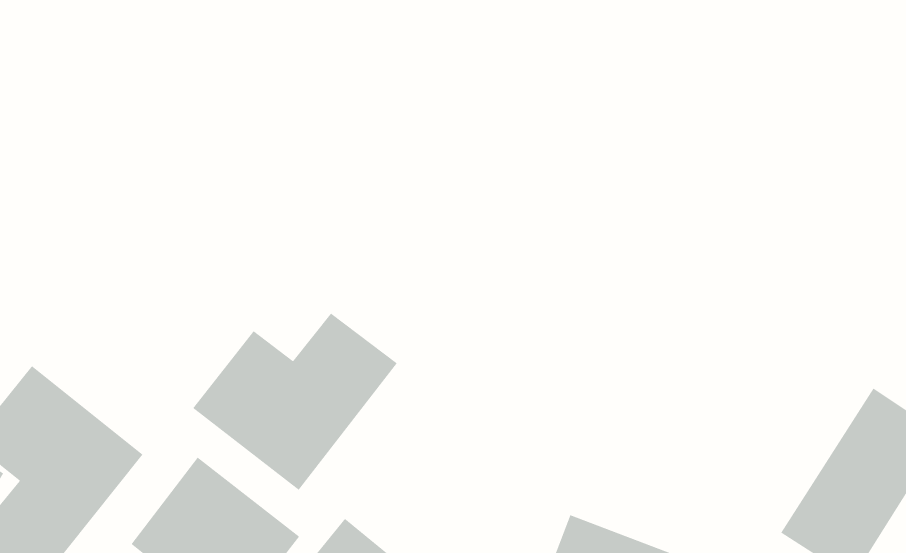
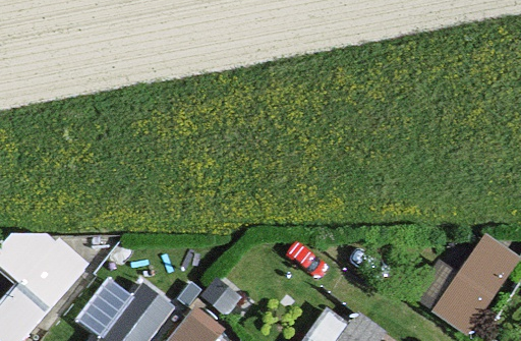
building: [192,312,398,491] -> none

